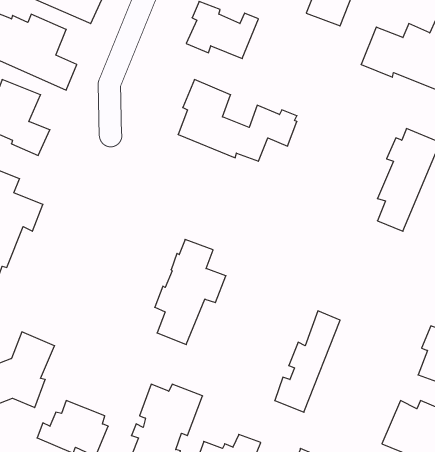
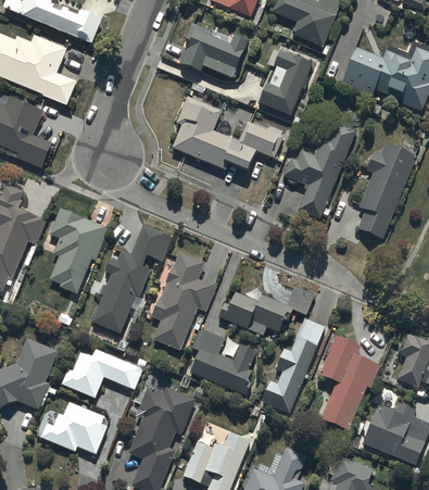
building: none -> [258,54,313,120]
building: none -> [283,126,357,224]
building: none -> [49,205,111,292]
building: none -> [92,223,173,330]
building: none -> [219,284,315,336]
building: none -> [191,321,256,392]
building: none -> [320,329,379,427]
building: none -> [62,347,147,395]

